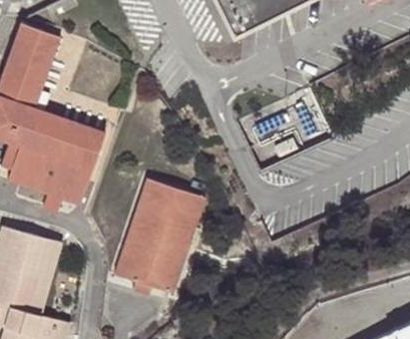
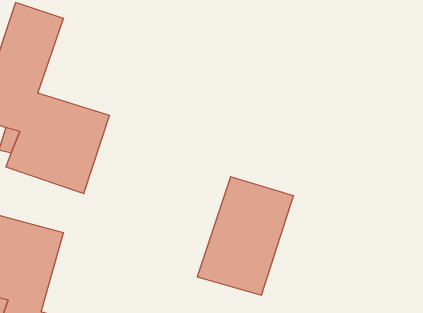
building: [111,180,201,291] -> [197,177,294,295]

